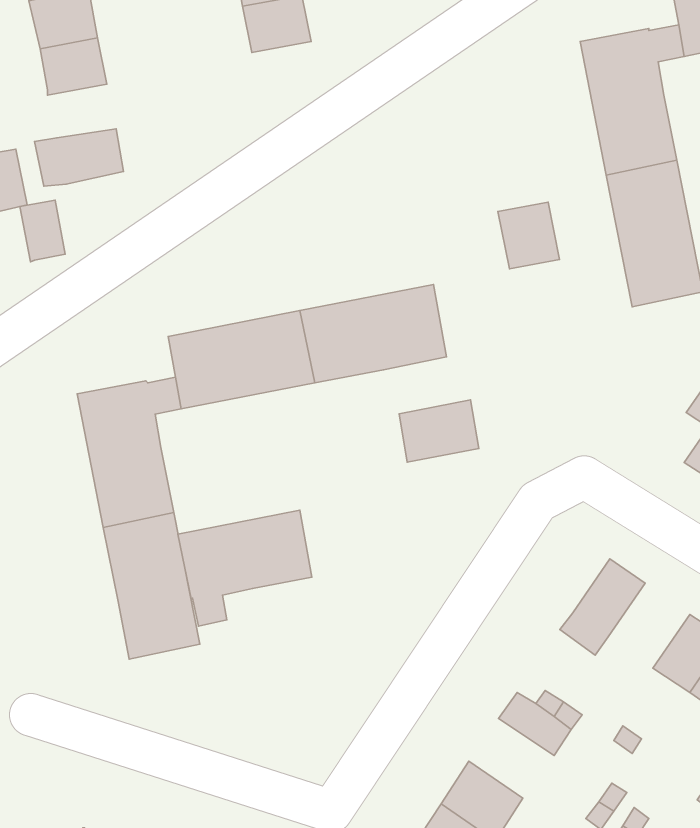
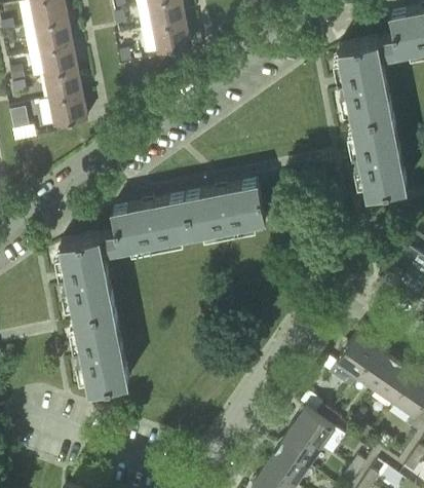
building: none -> [44,73,82,103]
building: [20,200,65,262] -> none
building: [498,202,559,269] -> none
building: [399,400,479,462] -> none
building: [178,510,312,626] -> none
building: none -> [354,349,399,397]
building: none -> [277,424,324,468]

